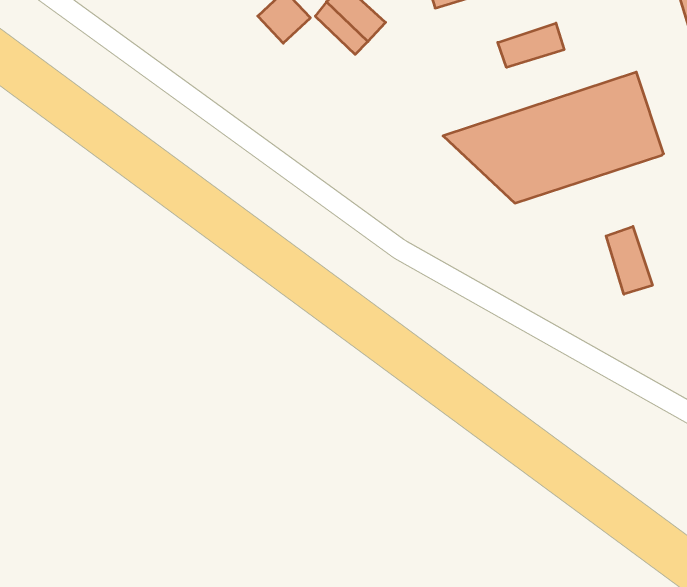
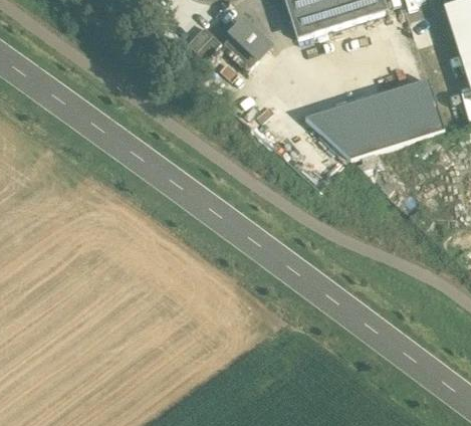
building: [498,23,564,67] -> none
building: [606,226,652,294] -> none

